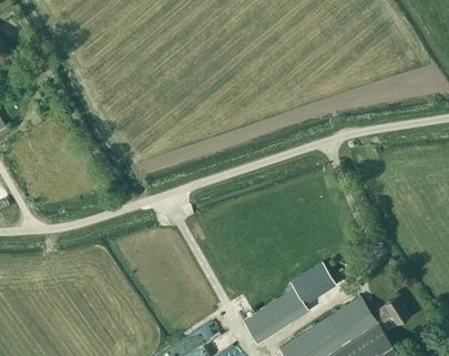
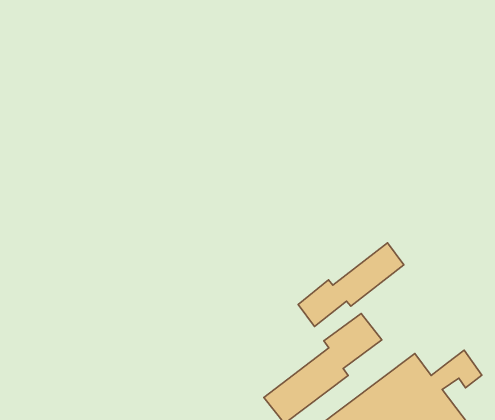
building: none -> [298,243,404,326]

